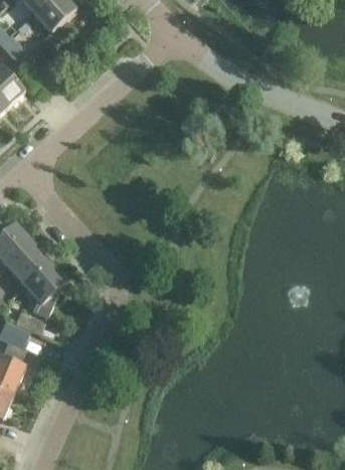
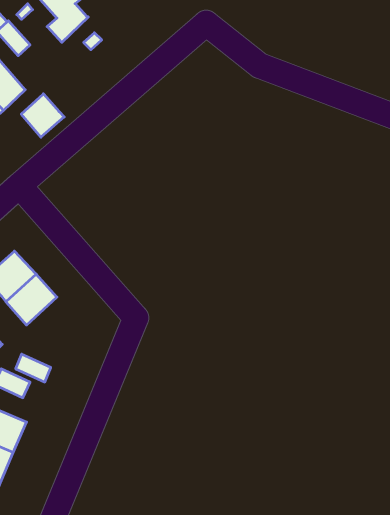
building: none -> [21,94,64,137]
building: [24,262,65,316] -> none

